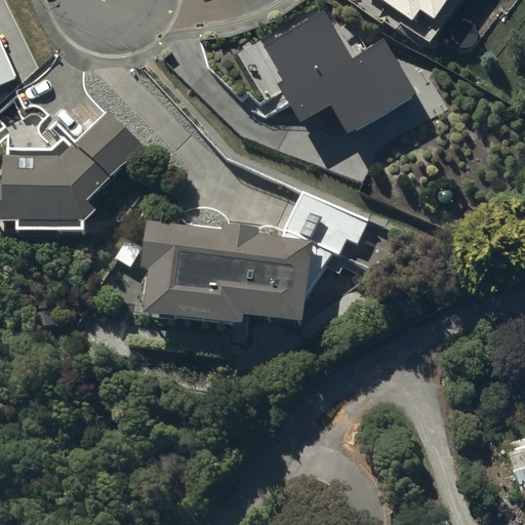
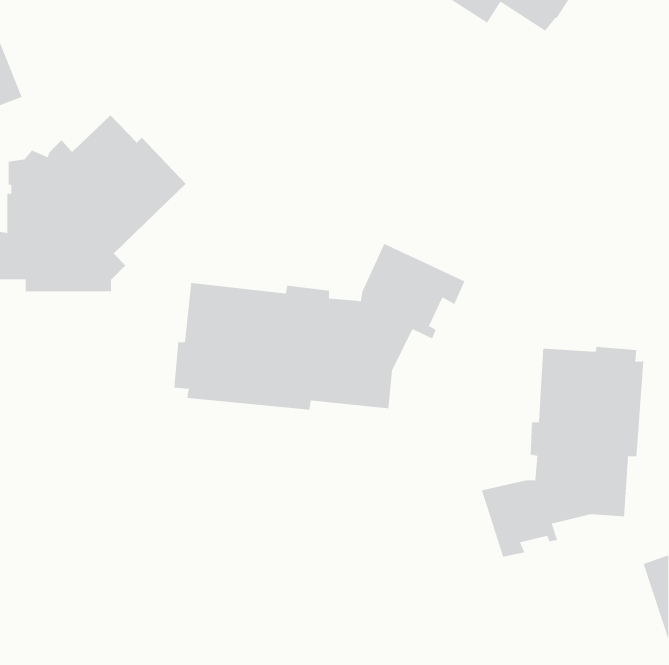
building: [265,15,417,140] -> none
building: none -> [481,346,644,557]

